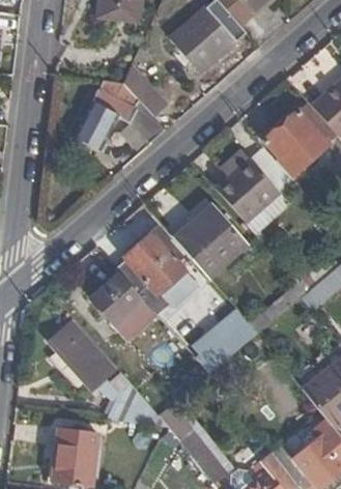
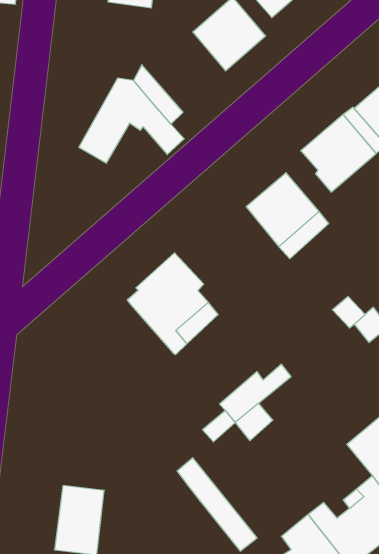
building: [173,203,247,277] -> none
building: [89,271,155,339] -> none
building: [52,319,168,426] -> none

